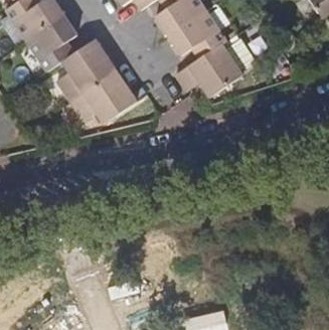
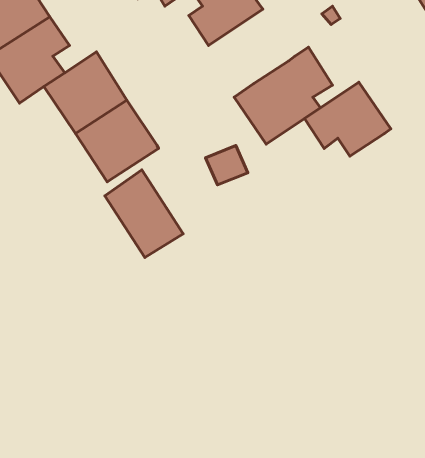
building: [170,8,227,57] -> [305,82,391,156]
building: none -> [105,170,183,258]

